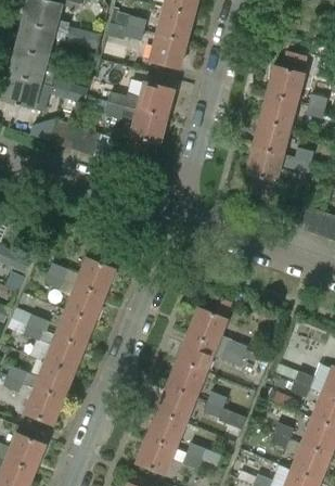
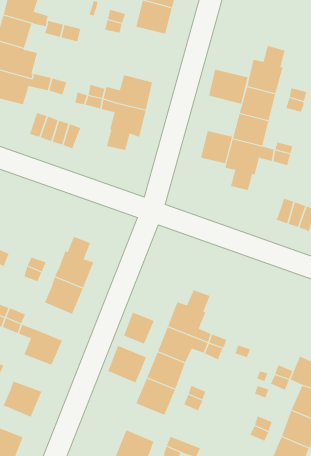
building: [149,35,186,69] -> none
building: none -> [208,69,248,104]
building: none -> [200,130,233,164]
building: [54,310,93,348] -> none
building: none -> [123,312,154,344]
building: [34,362,73,399] -> none
building: [146,411,185,449] -> [108,345,147,383]

